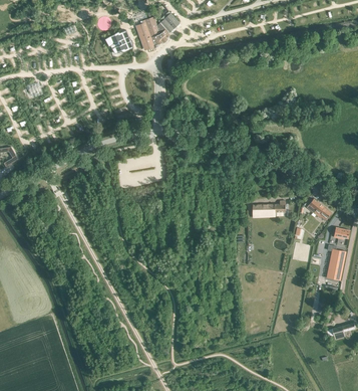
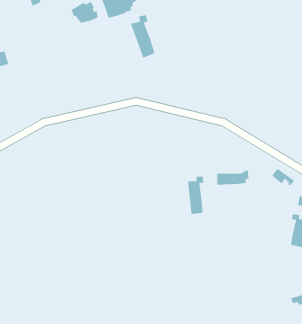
building: none -> [130,14,156,59]
building: none -> [187,176,204,215]

